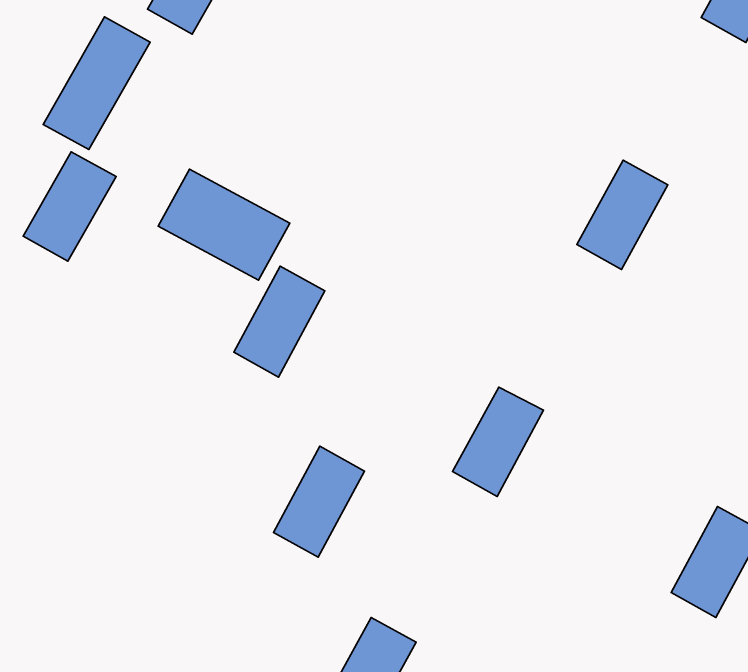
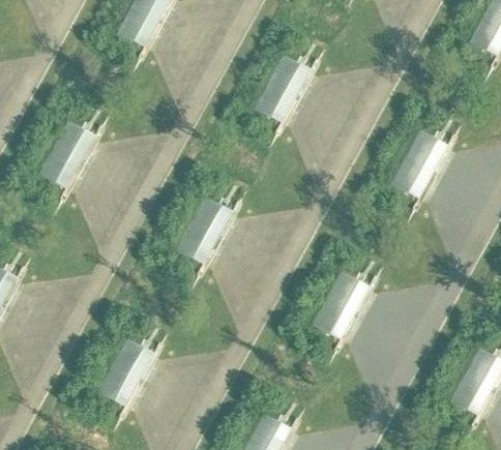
building: [43,17,150,150] -> none
building: none -> [249,53,306,121]
building: [158,169,290,280] -> none
building: [273,446,365,557] -> [93,337,150,407]

